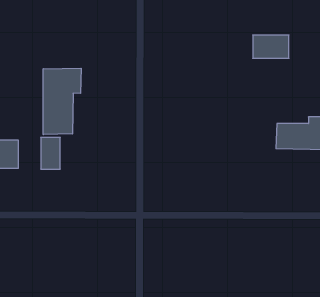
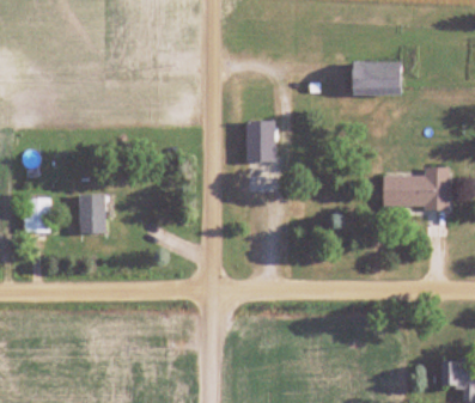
building: [43,68,81,135] -> none
building: none -> [245,120,274,160]

